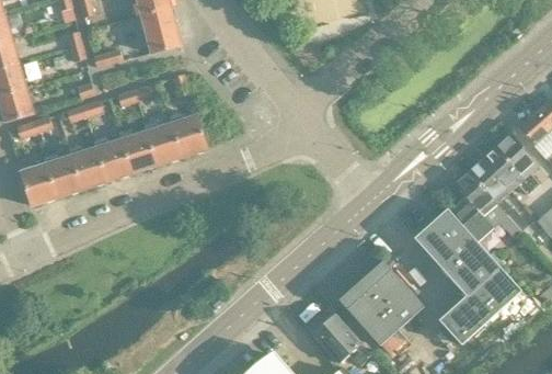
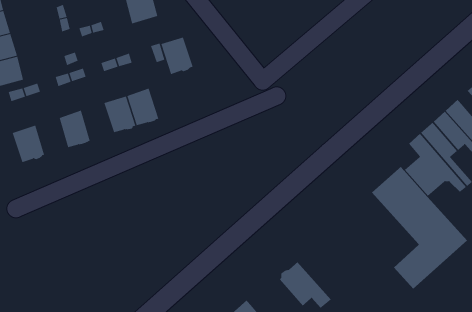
building: [171,115,207,157] -> [161,37,193,75]
building: [96,139,131,181] -> none
building: [46,156,81,196] -> none
building: [338,260,424,345] -> none

